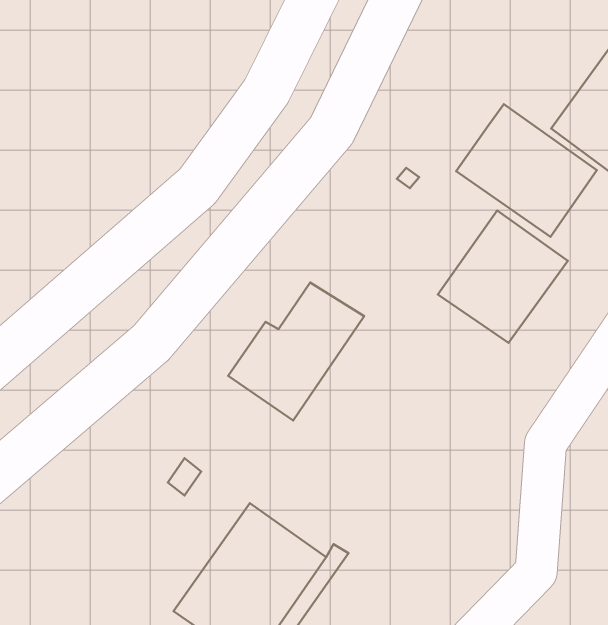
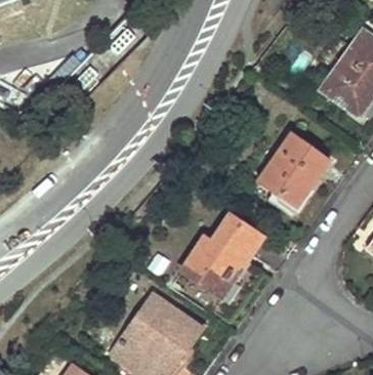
building: [456,104,597,237] -> none
building: [228,283,364,421] -> [182,215,257,291]

